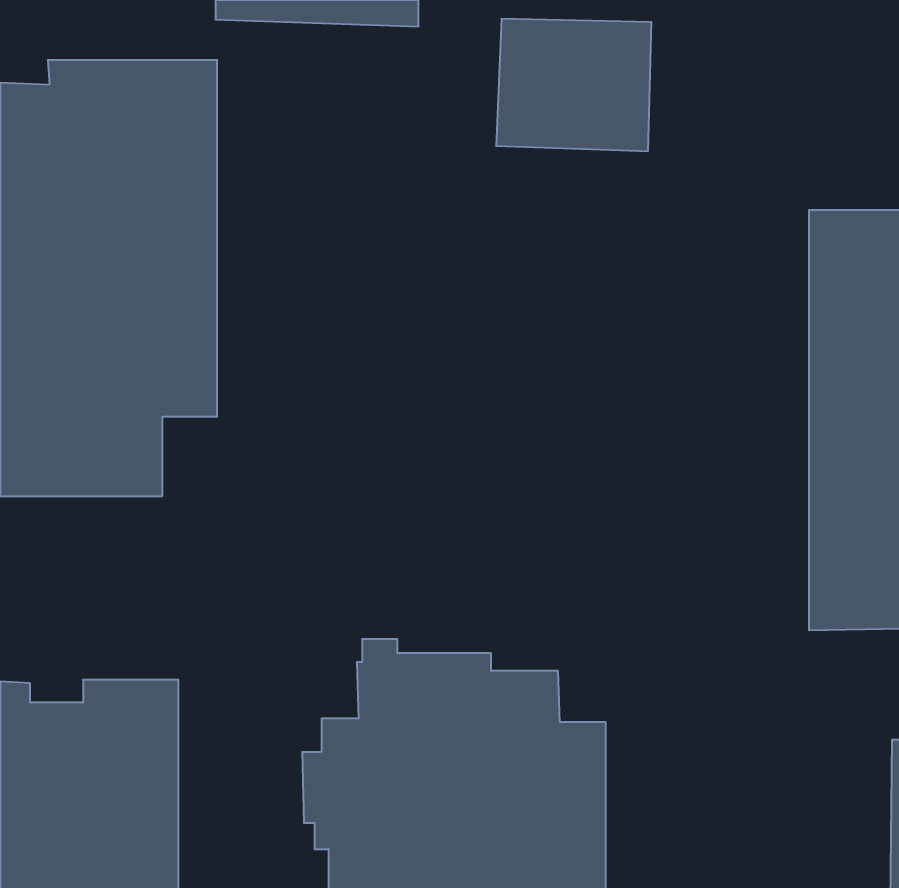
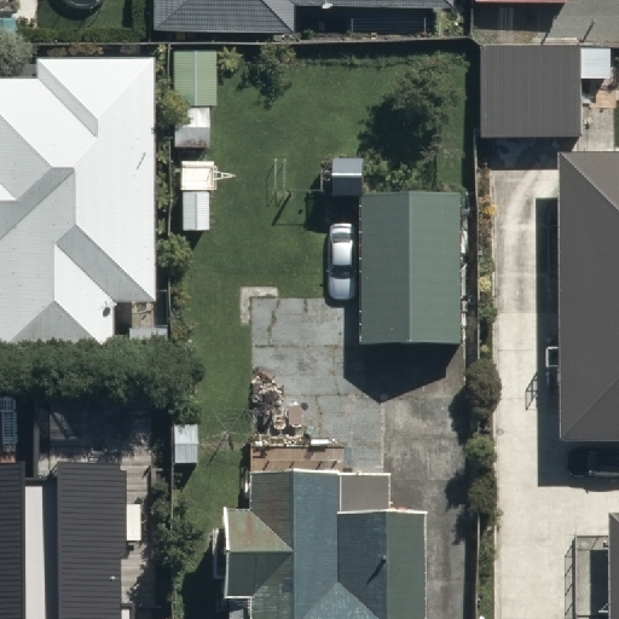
building: [496,19,652,151] -> [484,46,590,137]
building: none -> [334,158,467,354]

